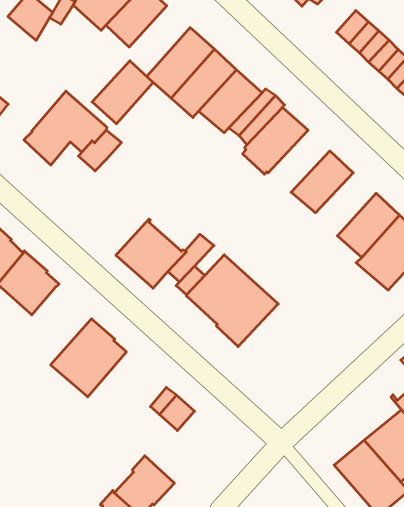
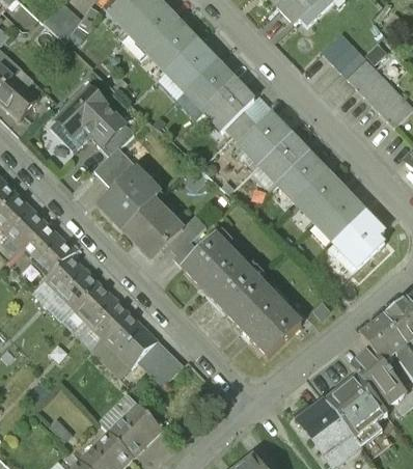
building: [92,61,153,124] -> [145,20,198,73]
building: none -> [253,133,311,189]
building: none -> [95,147,134,185]
building: none -> [296,171,349,224]
building: none -> [101,172,158,228]
building: none -> [33,253,99,320]
building: none -> [223,279,301,355]
building: none -> [92,310,157,378]

